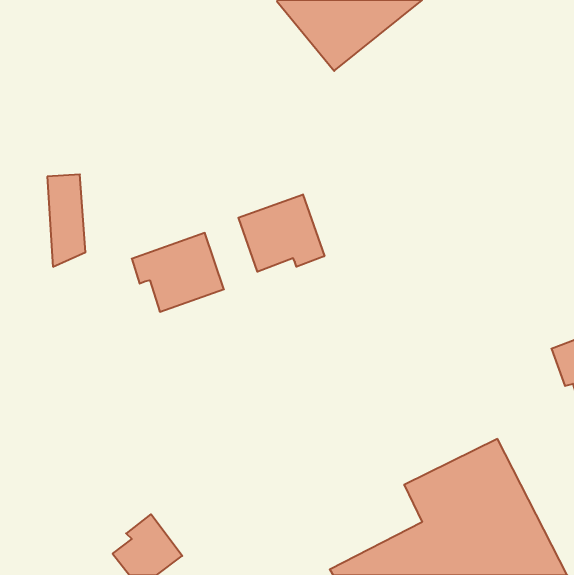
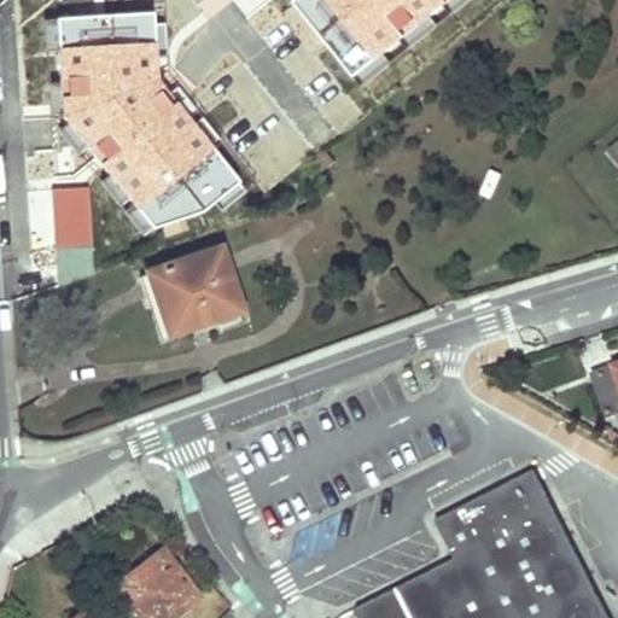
building: none -> [57,11,241,228]
building: [238,194,324,272] -> none

